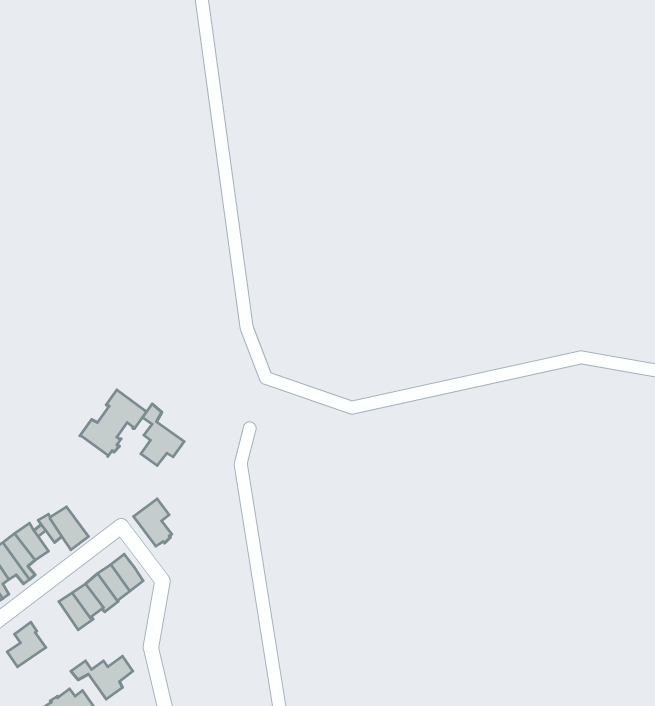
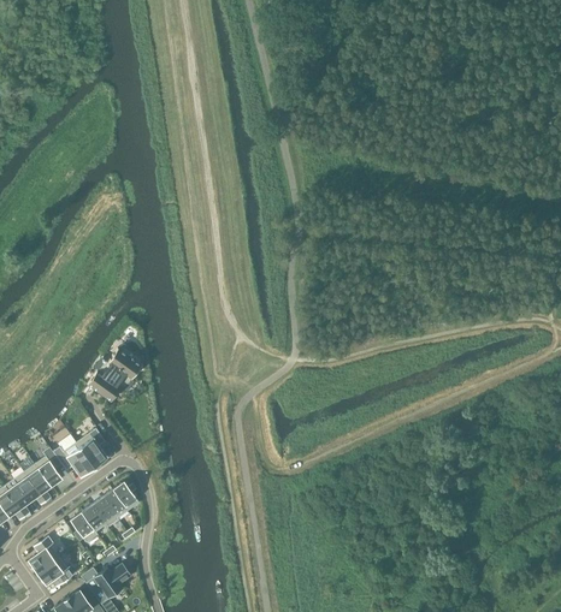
building: [141,404,184,465] -> none
building: [134,499,172,546] -> [77,428,108,467]
building: none -> [37,557,76,586]

